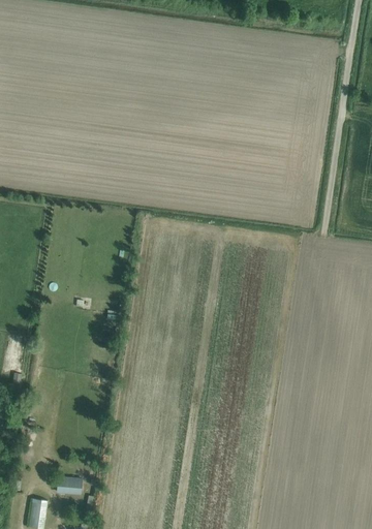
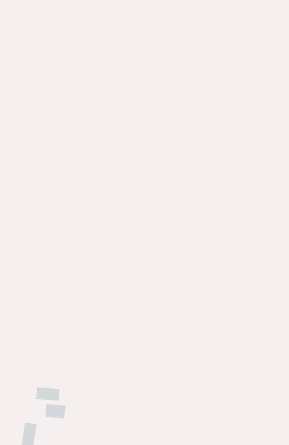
building: none -> [35,387,60,401]

